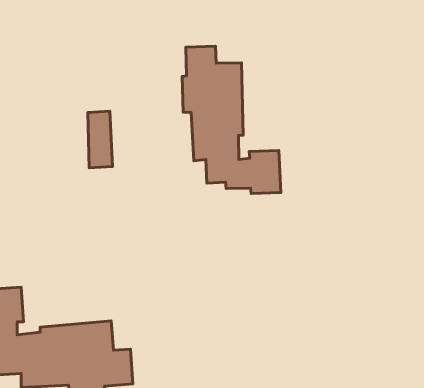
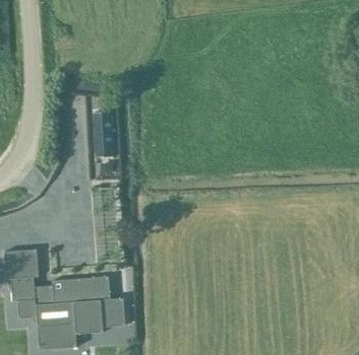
building: [182,46,281,194] -> none

